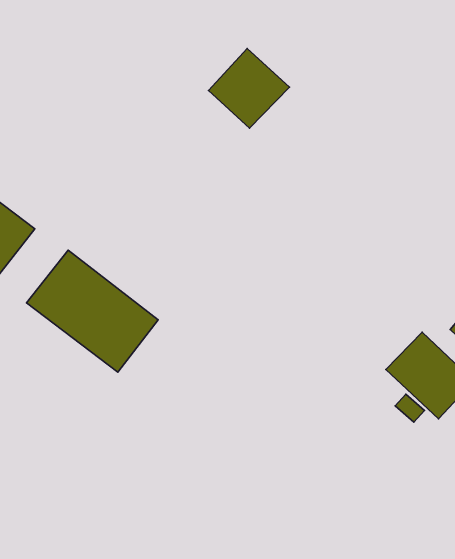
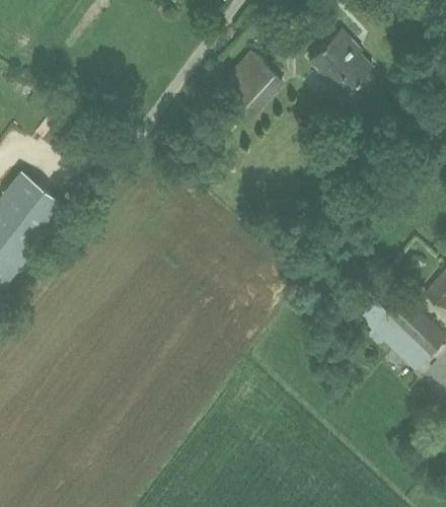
building: none -> [308,31,372,97]
building: [27,250,158,372] -> none

